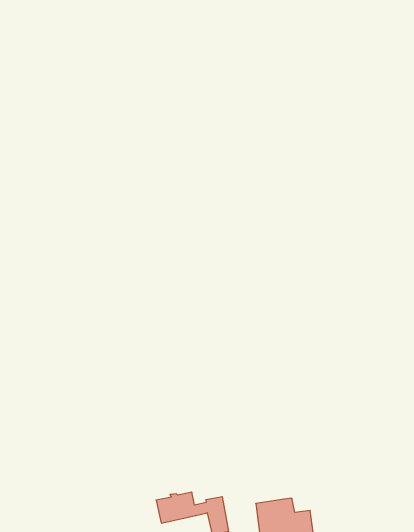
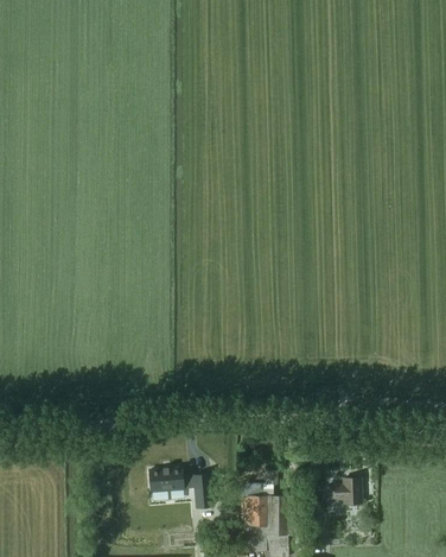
building: none -> [327,477,361,506]

